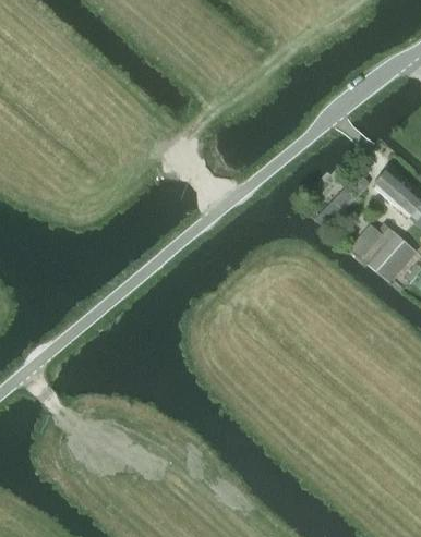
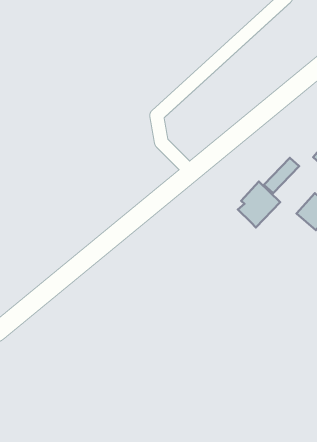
building: none -> [238,181,280,227]

